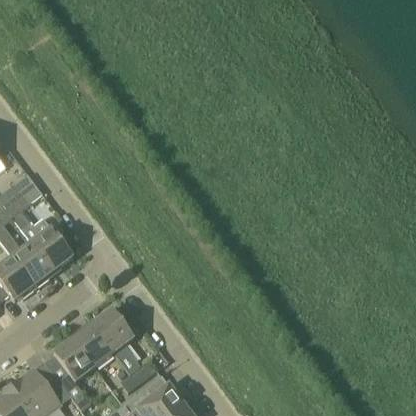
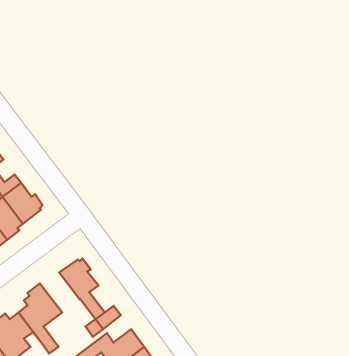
building: [71,324,114,367] -> none

